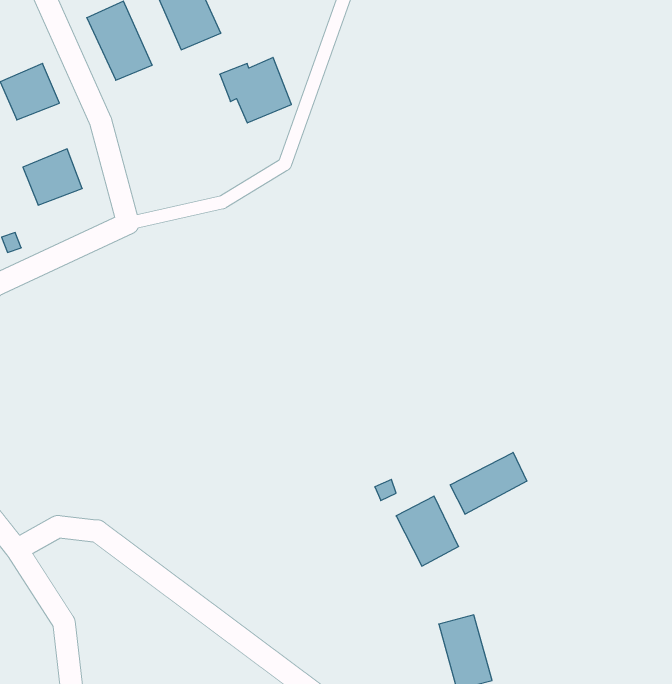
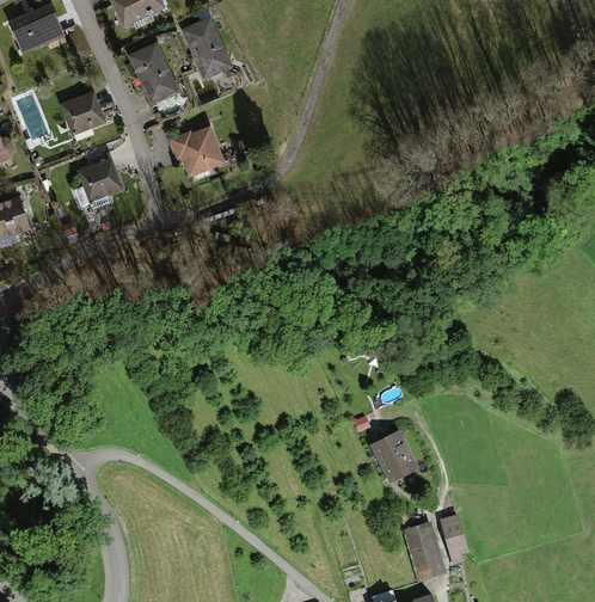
building: [220,57,291,123] -> [168,125,225,177]
building: [450,452,527,514] -> none
building: none -> [442,515,468,563]

